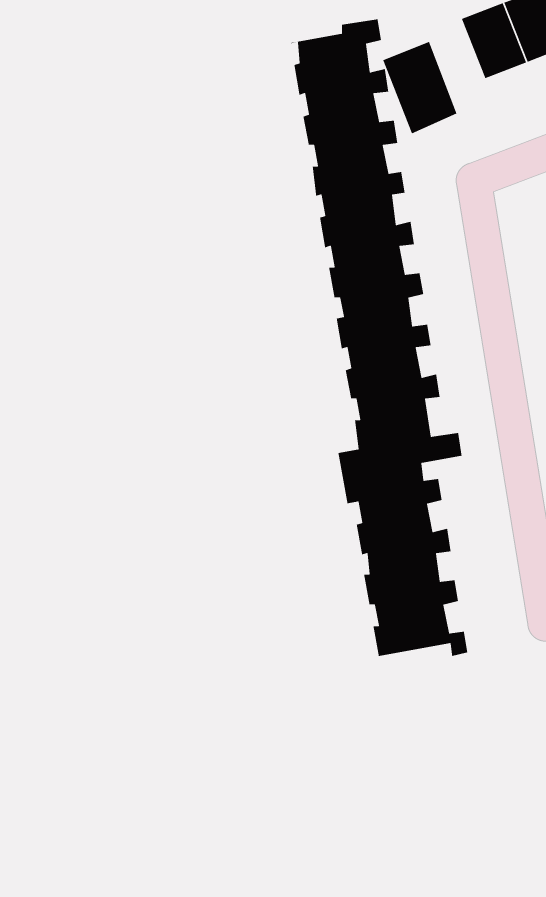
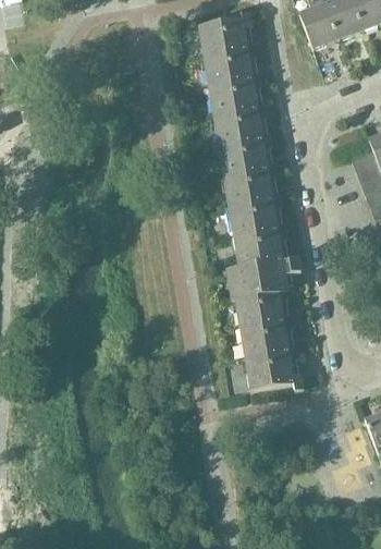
building: [382,41,458,134] -> none

